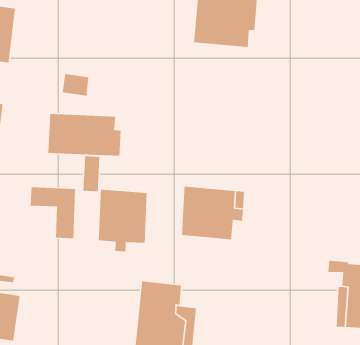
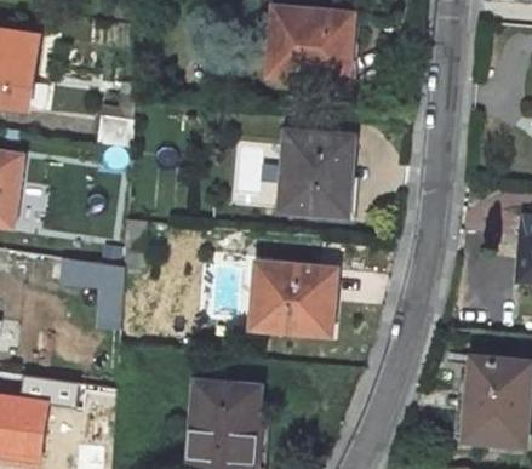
building: none -> [284,130,351,213]
building: [48,113,121,157] -> none
building: [98,189,148,252] -> none

